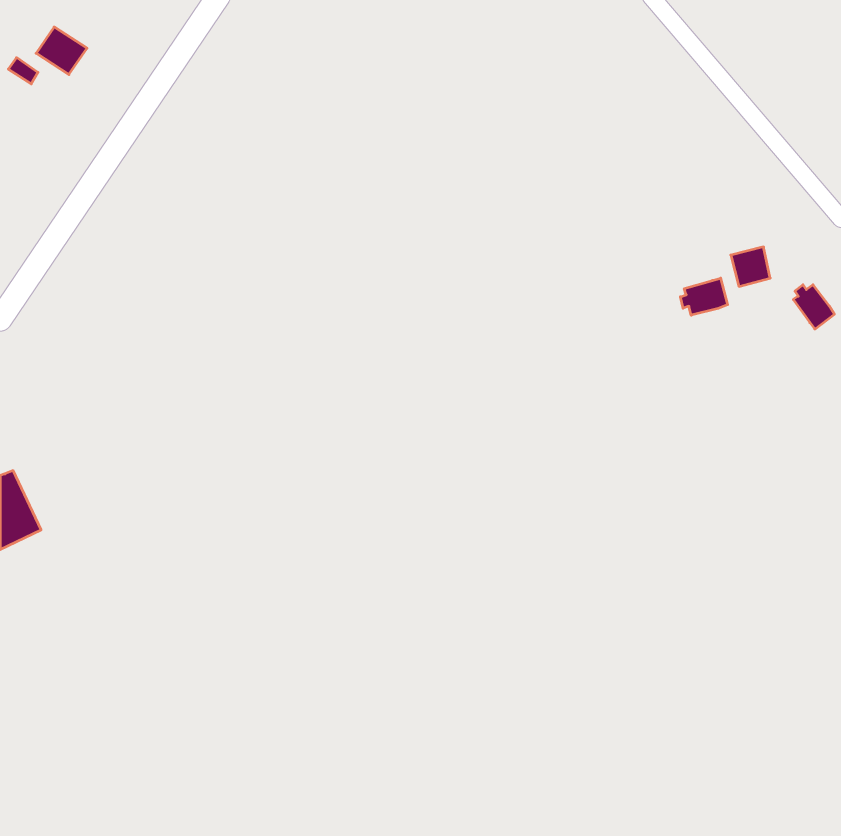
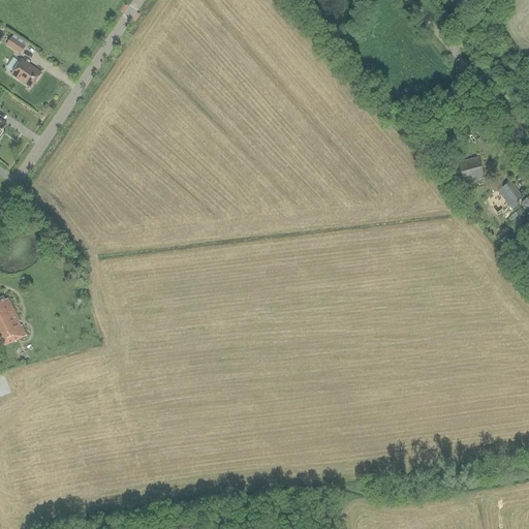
building: [36,27,87,75] -> [10,57,42,87]
building: [680,278,728,315] -> none

